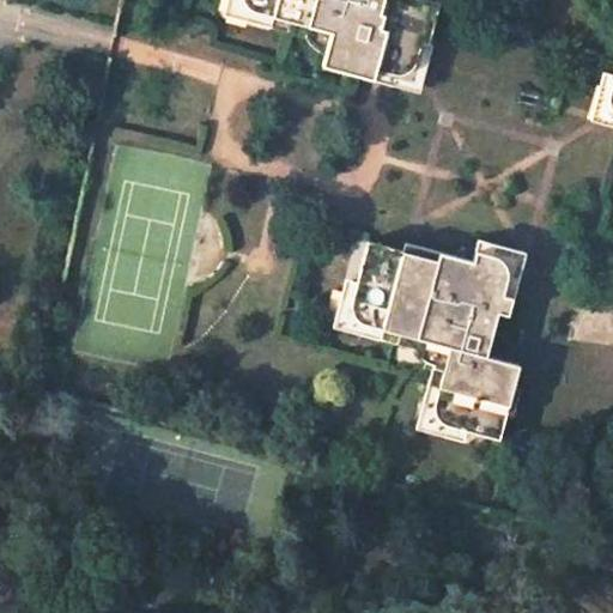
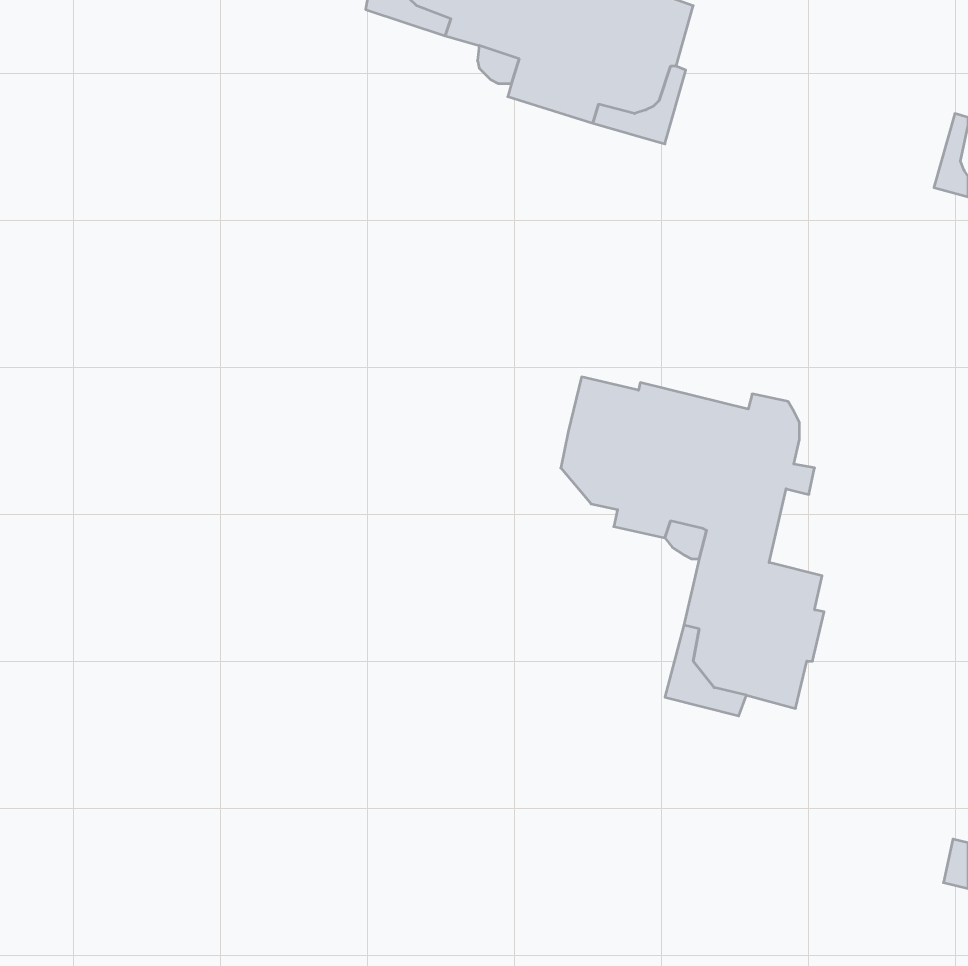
building: [475,236,526,296] -> none
building: [338,272,390,333] -> none

